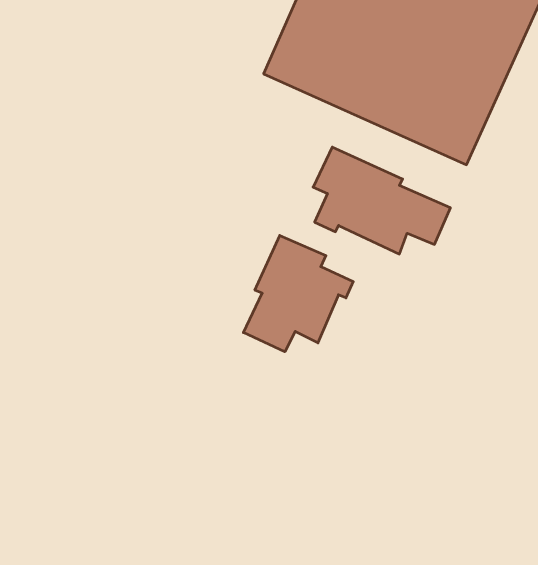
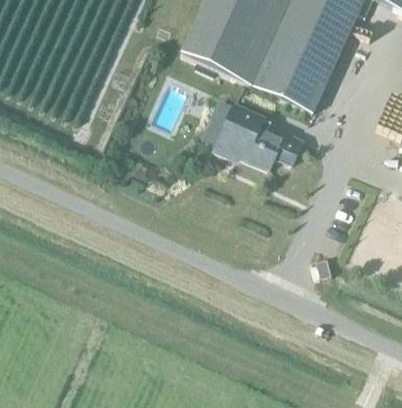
building: [243,235,353,352] -> none

